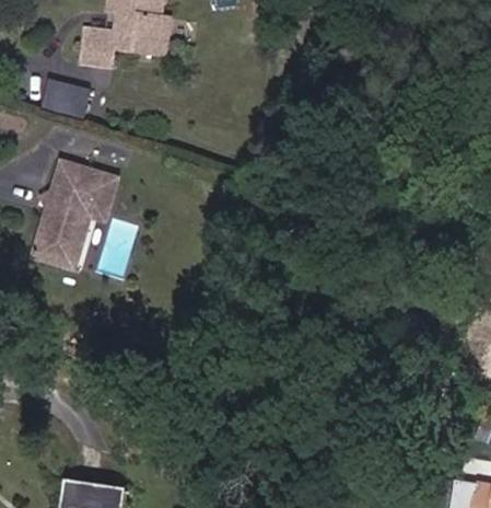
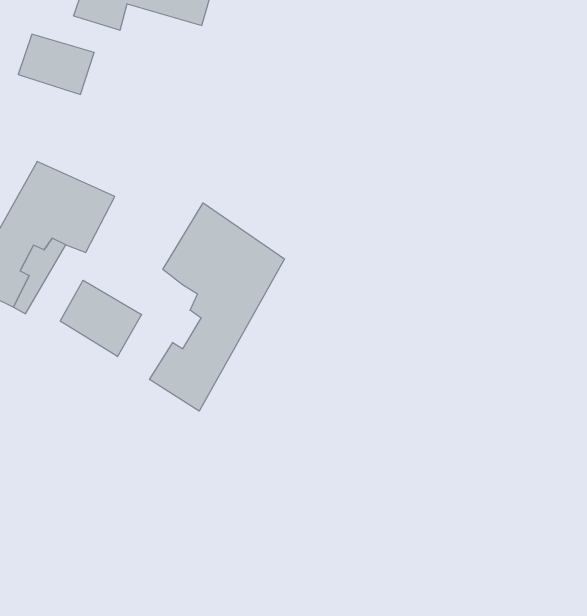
building: none -> [150,203,284,411]
building: none -> [60,280,142,357]

